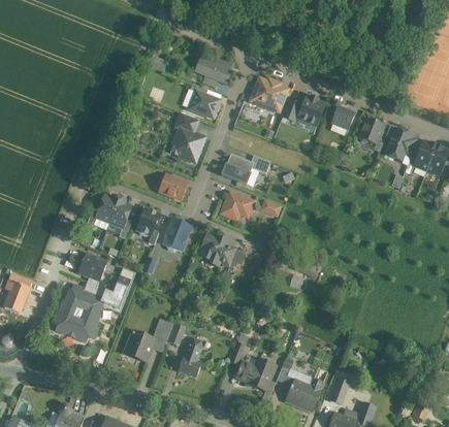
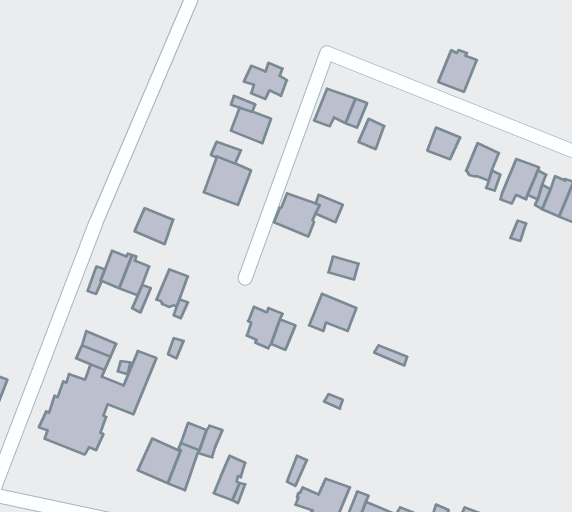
building: [297,96,325,126] -> [438,50,477,92]
building: [159,174,187,200] -> [135,208,173,244]
building: [220,191,254,218] -> [309,294,356,331]
building: [162,219,191,251] -> none

